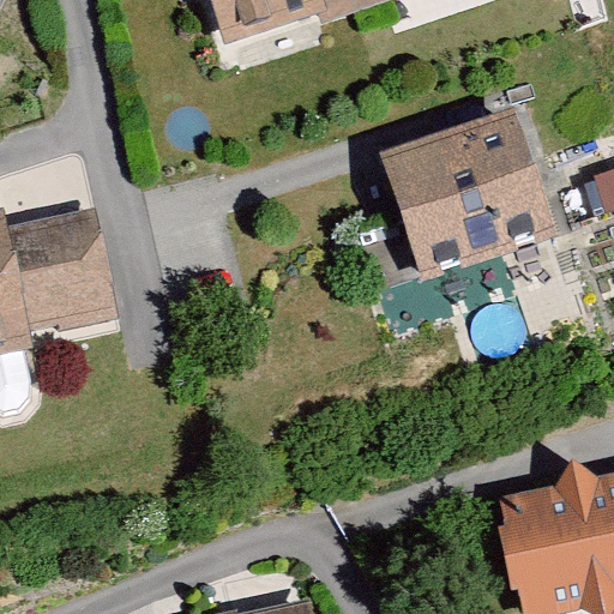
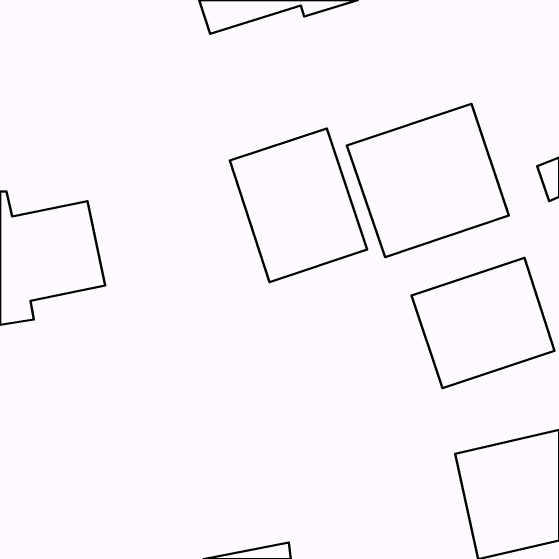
building: none -> [230,128,367,282]
building: none -> [412,258,555,388]

